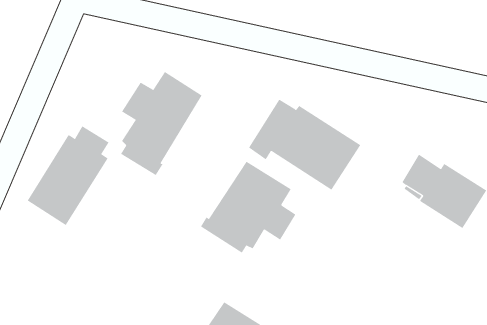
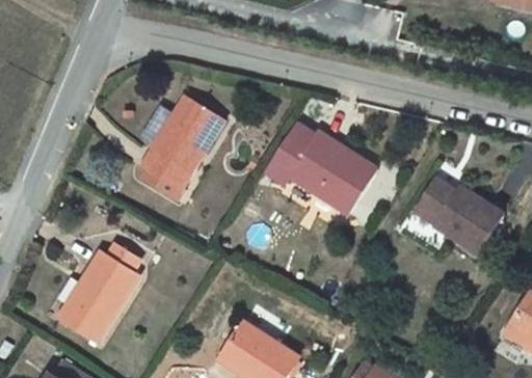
building: [27,126,109,226] -> [59,244,140,343]
building: [200,161,296,254] -> none

